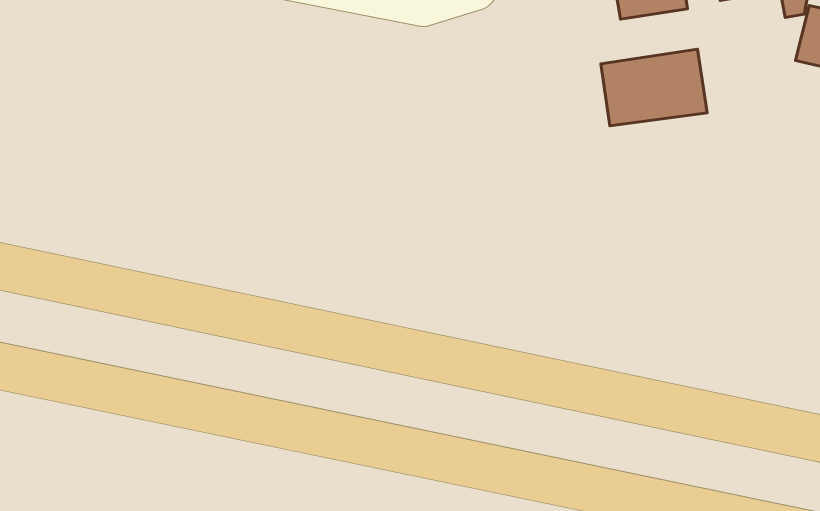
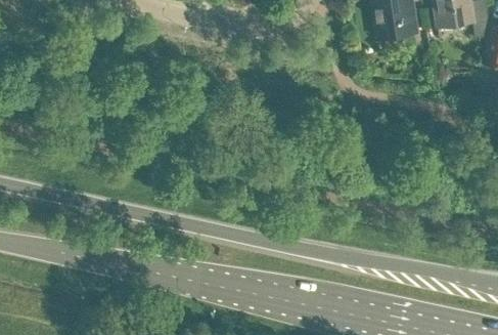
building: [601,49,707,126] -> none

